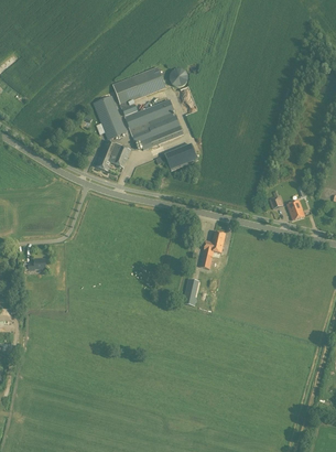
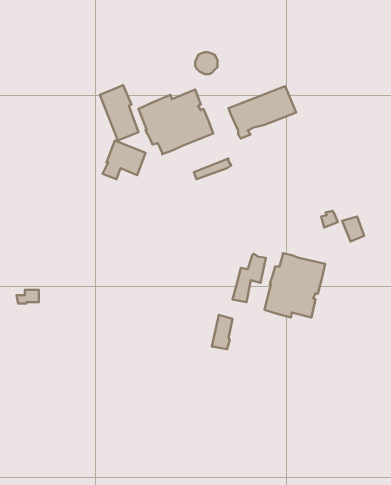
building: [111,66,165,108] -> [228,86,296,139]
building: none -> [264,253,325,318]

